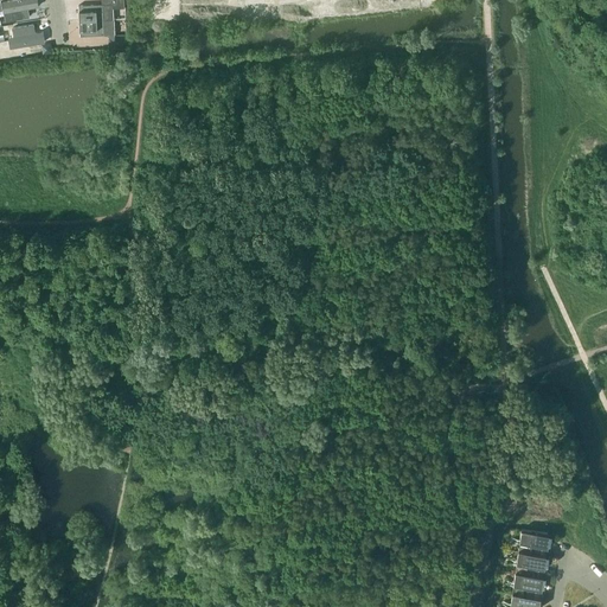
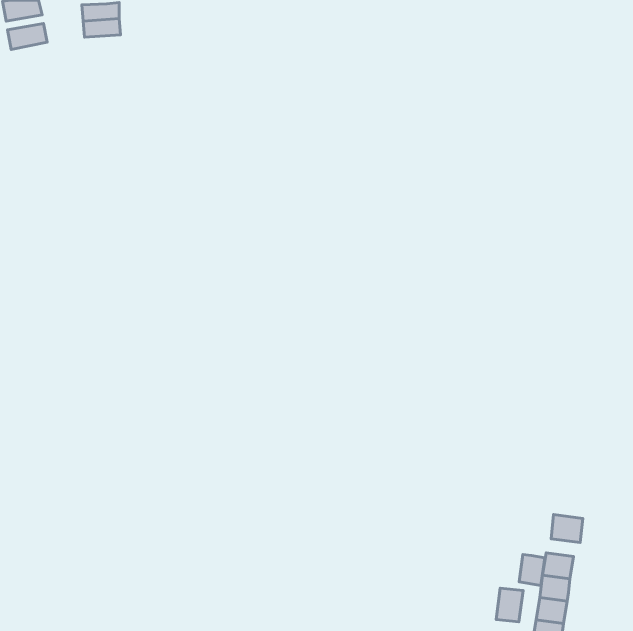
building: none -> [551,515,583,543]
building: none -> [519,554,545,585]
building: none -> [496,588,523,622]

